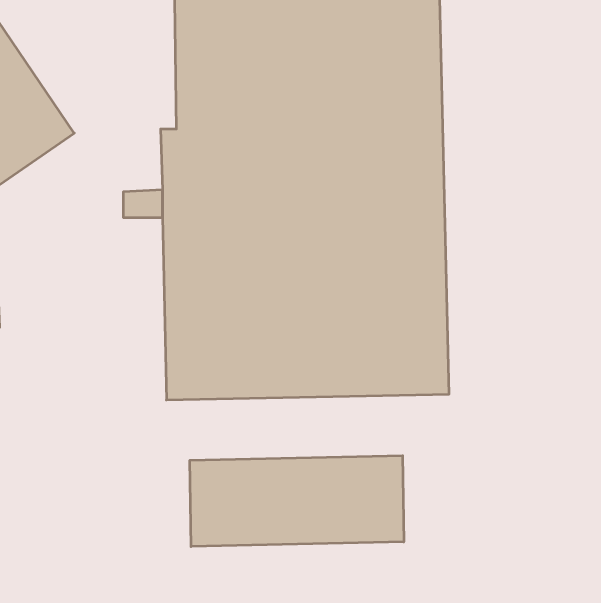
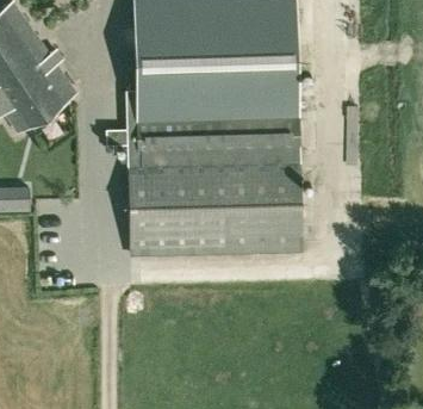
building: [190,456,404,547] -> none

